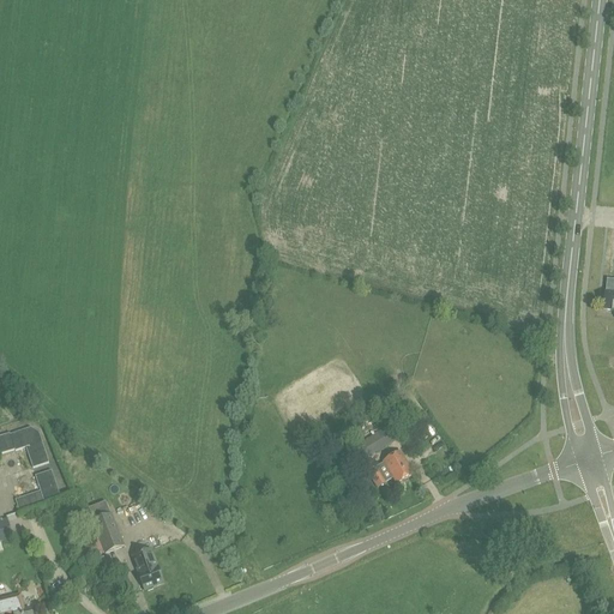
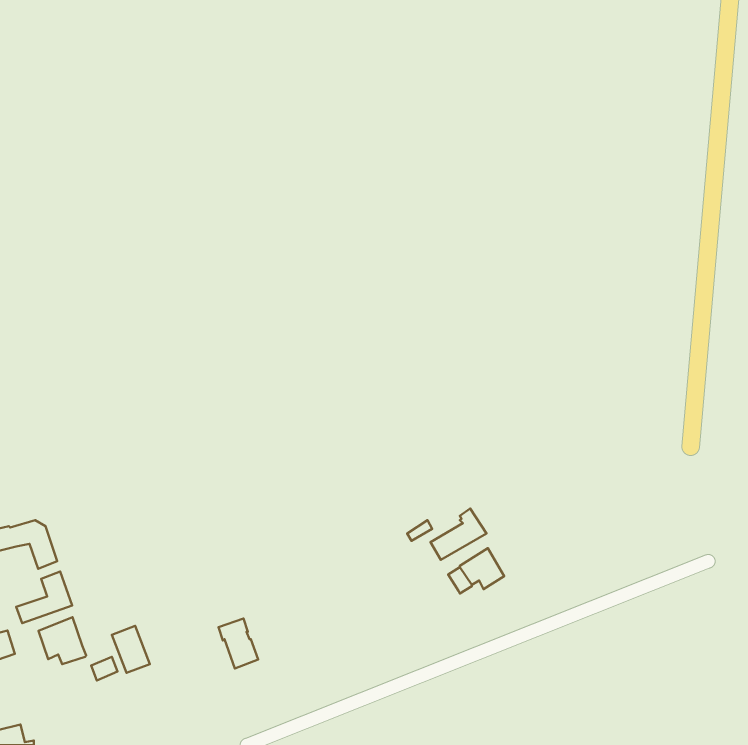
building: none -> [38,617,86,664]
building: [130,546,162,586] -> [219,619,258,668]

